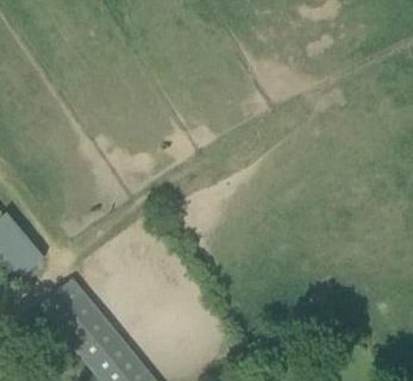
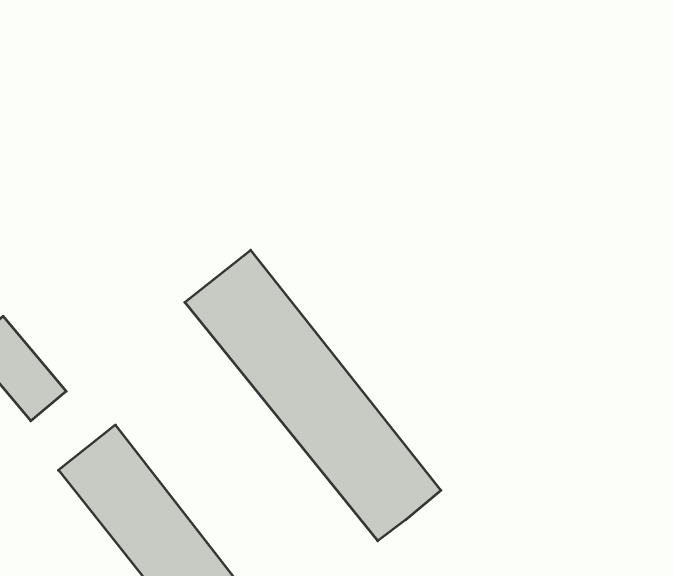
building: none -> [185,250,441,541]

